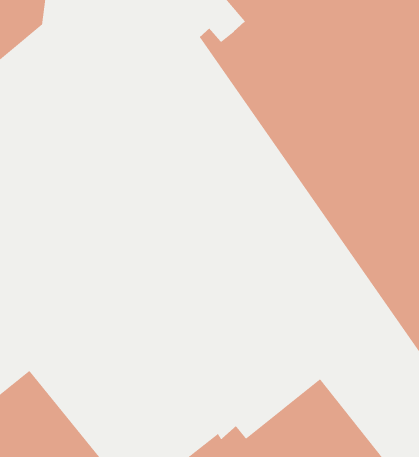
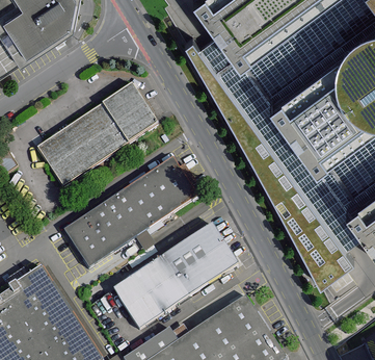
building: none -> [37,82,159,184]
building: none -> [64,155,198,266]
building: none -> [113,222,239,328]

